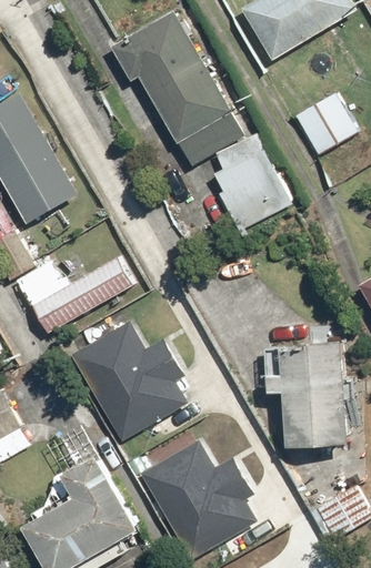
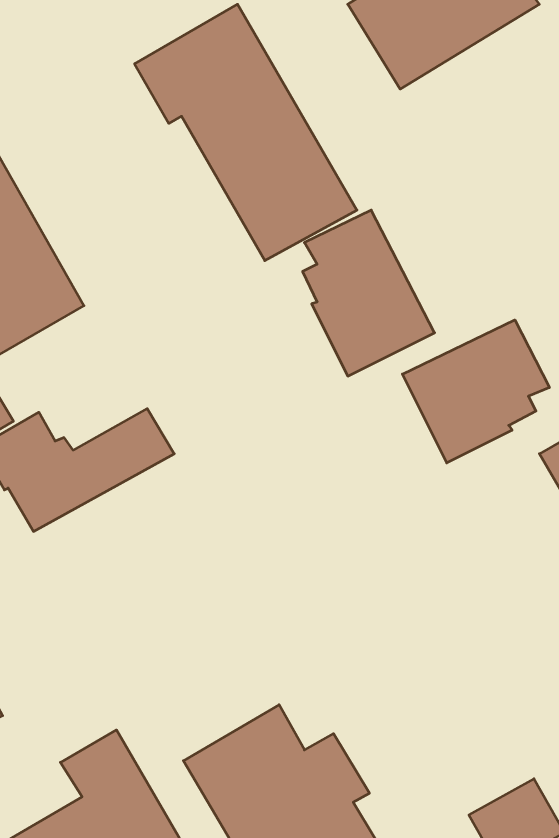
building: [293,93,357,156] -> none
building: none -> [402,320,549,463]
building: [70,322,187,442] -> none
building: [269,338,354,446] -> none

